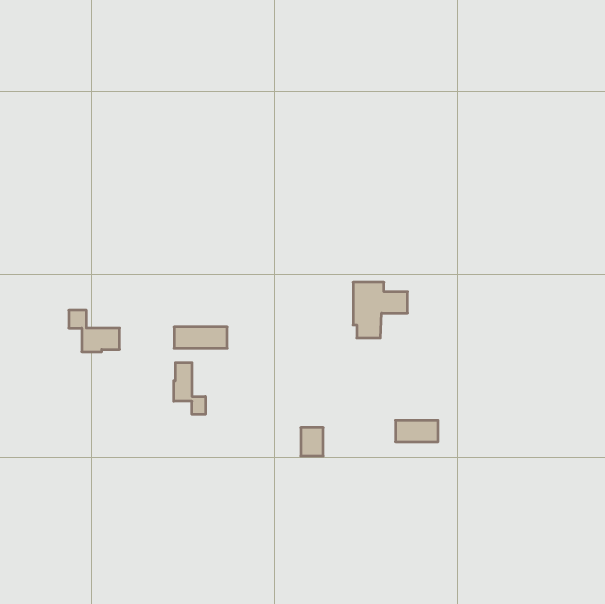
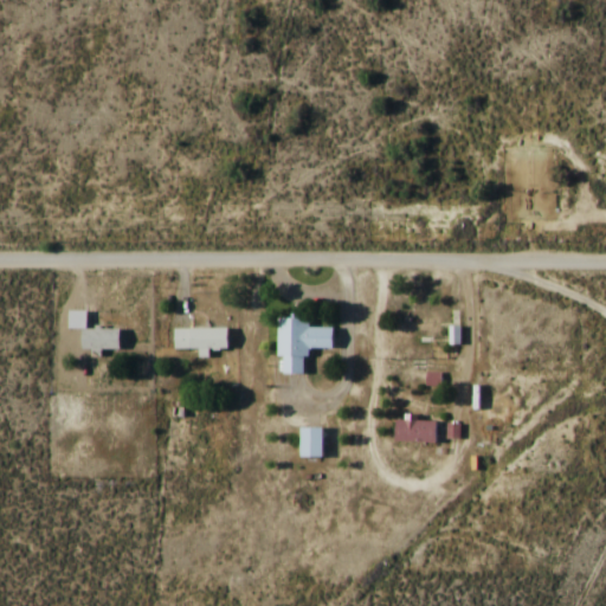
building: [353,282,408,338] -> [278,318,333,374]
building: [174,363,205,414] -> none

